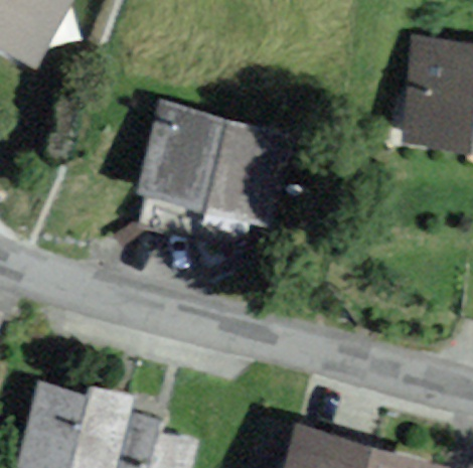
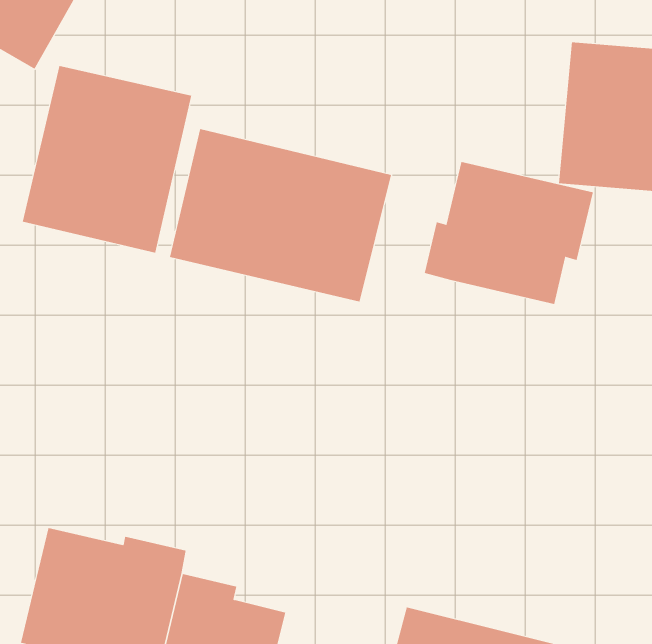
building: none -> [22,65,192,253]
building: none -> [424,161,594,305]

